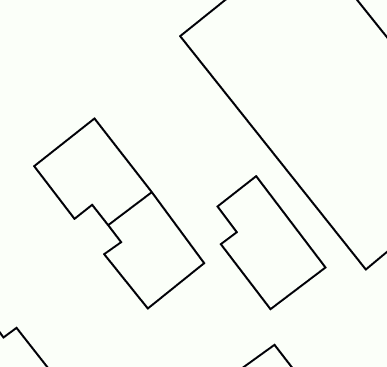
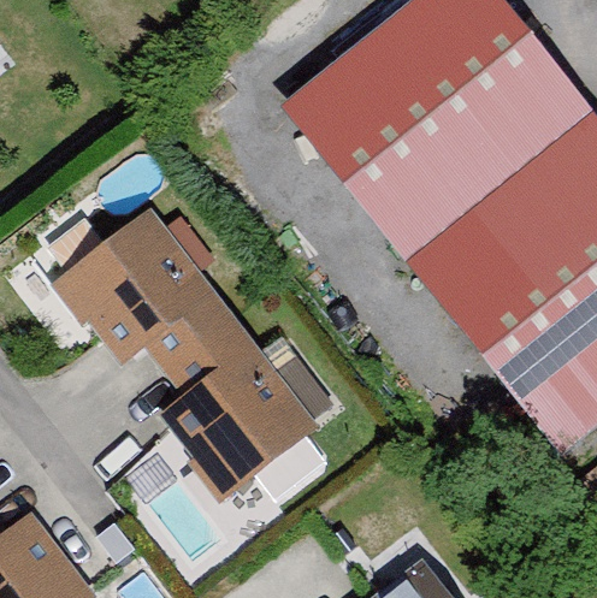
building: [218,176,325,309] -> none

